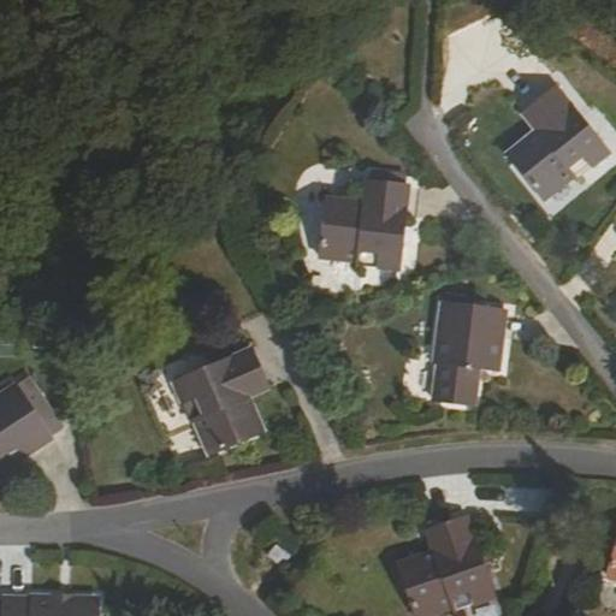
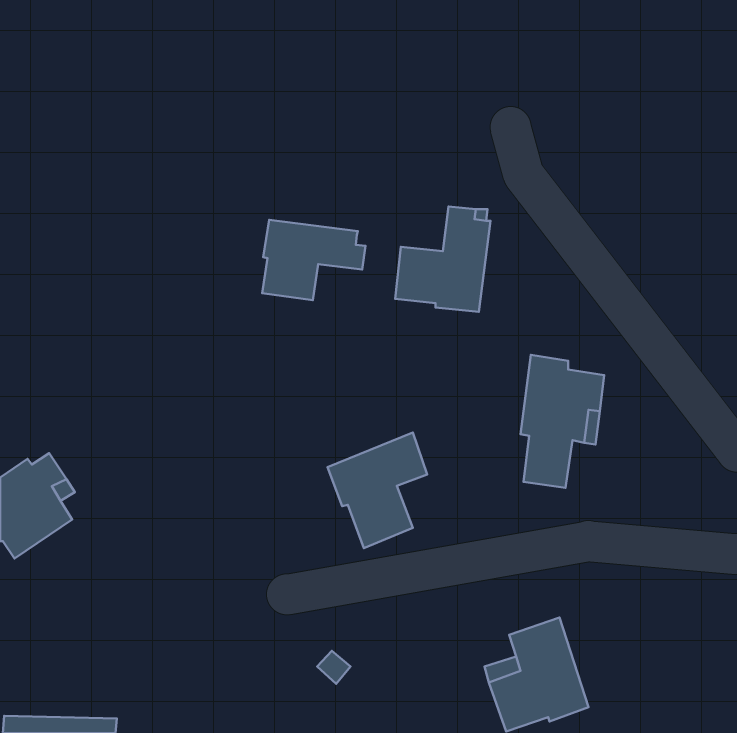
building: [517,99,603,202] -> none
building: none -> [262,220,366,300]
building: [178,349,261,445] -> [328,433,427,548]

